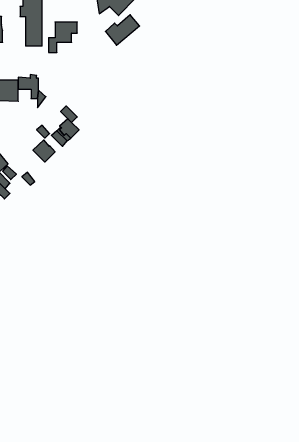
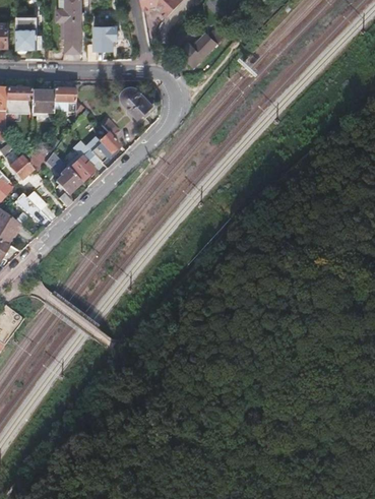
building: [105,15,140,45] -> [181,34,218,67]
building: none -> [121,87,152,119]
building: none -> [46,151,81,194]

